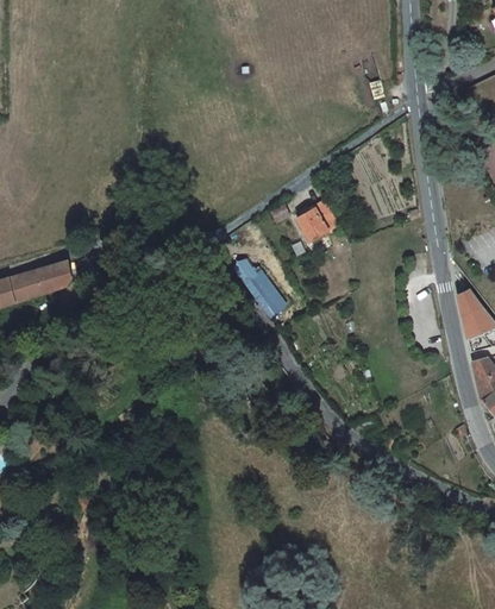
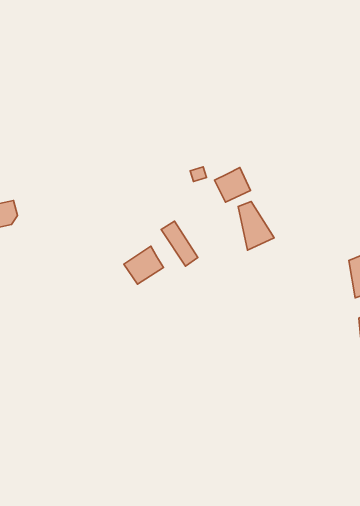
building: none -> [238,202,274,250]
building: none -> [124,246,164,284]

